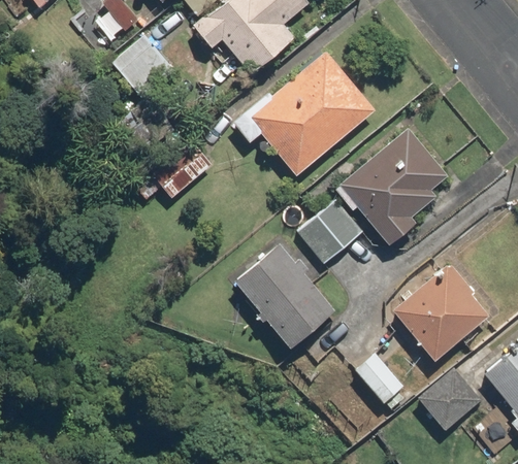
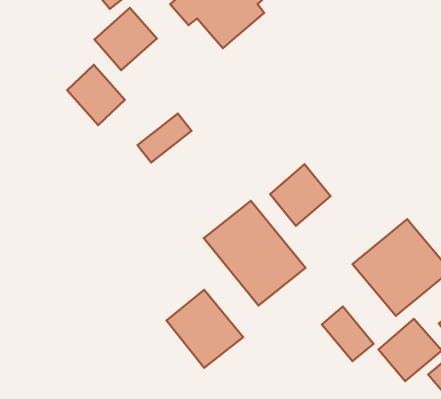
building: [229,53,375,174] -> none
building: none -> [67,65,125,125]
building: [337,128,447,247] -> none
building: none -> [166,290,243,368]

